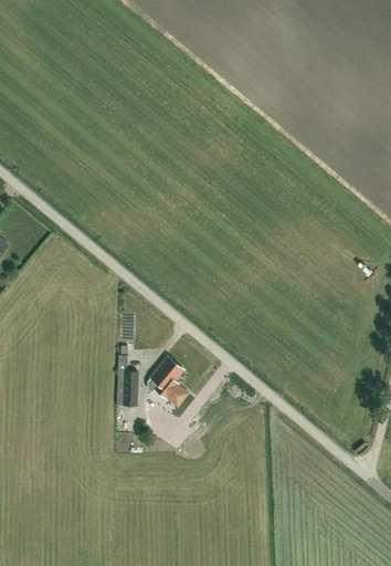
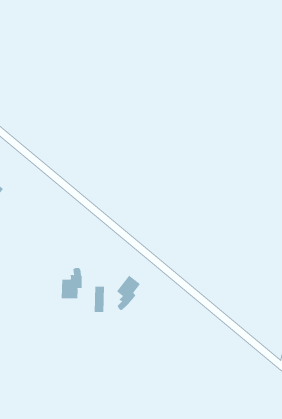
building: none -> [61,267,82,299]

